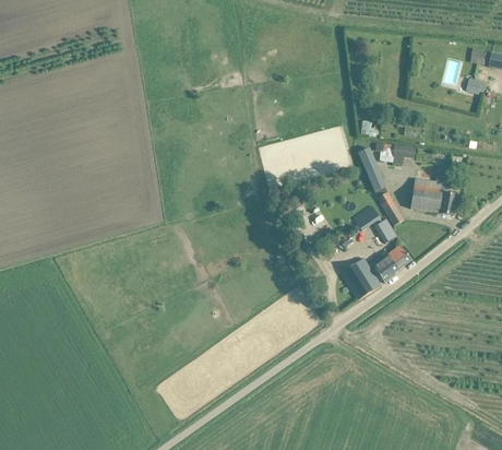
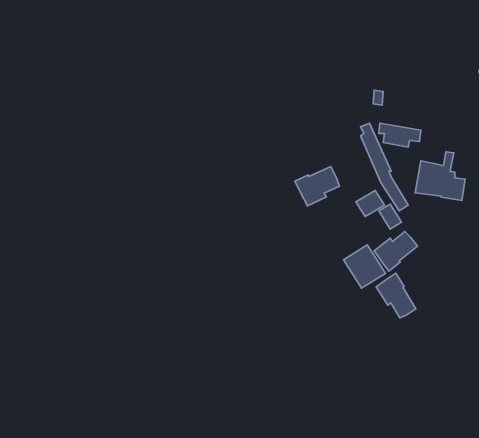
building: none -> [295,167,339,206]
building: none -> [376,273,416,318]

